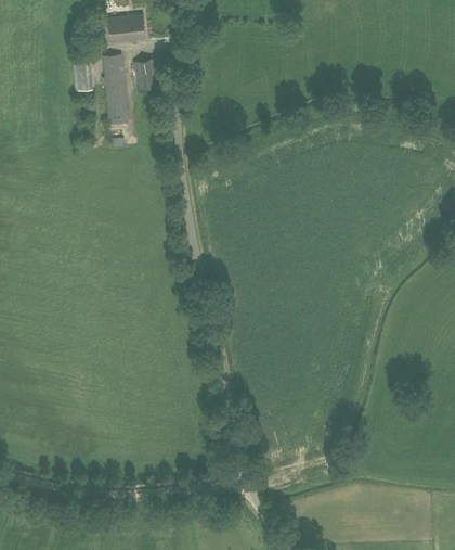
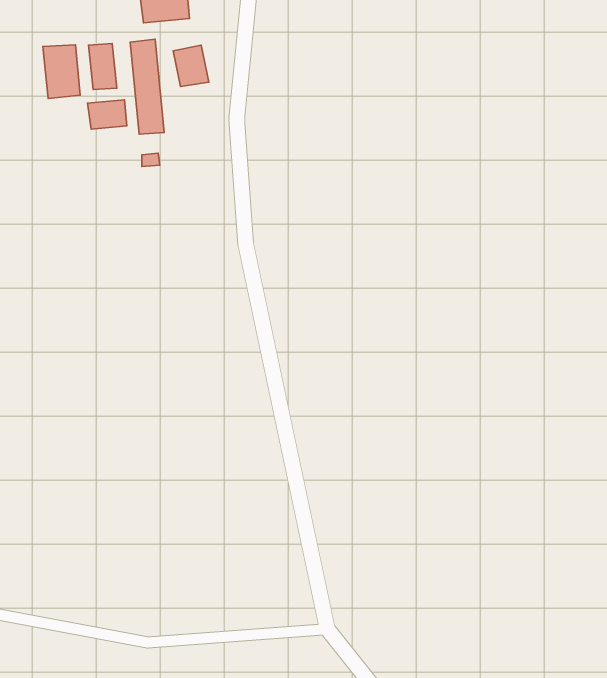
building: none -> [43,45,80,99]
building: none -> [88,100,127,129]

